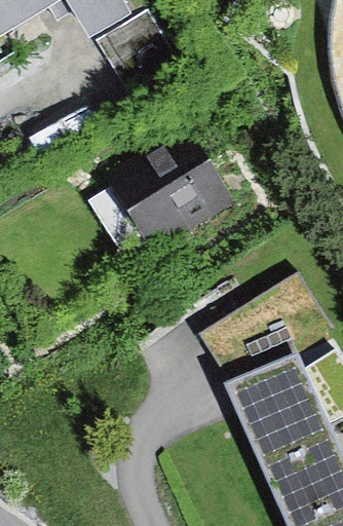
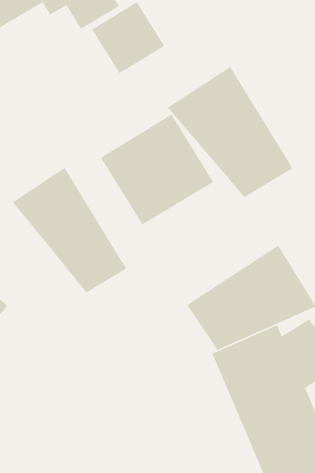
building: none -> [167,66,294,198]
building: none -> [12,167,127,293]

